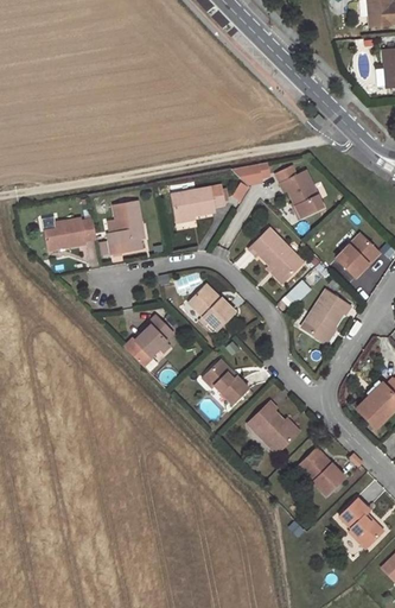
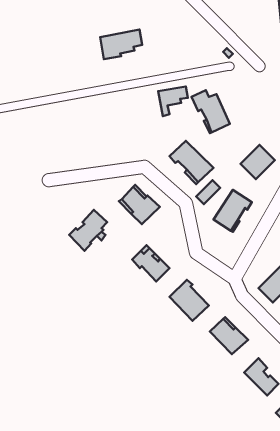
building: [171,184,223,221] -> [100,29,142,59]
building: [107,201,141,253] -> none
building: [44,217,96,249] -> none

